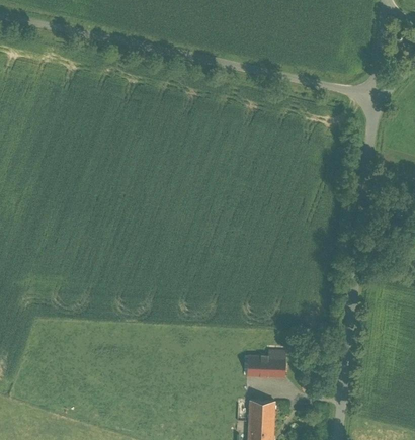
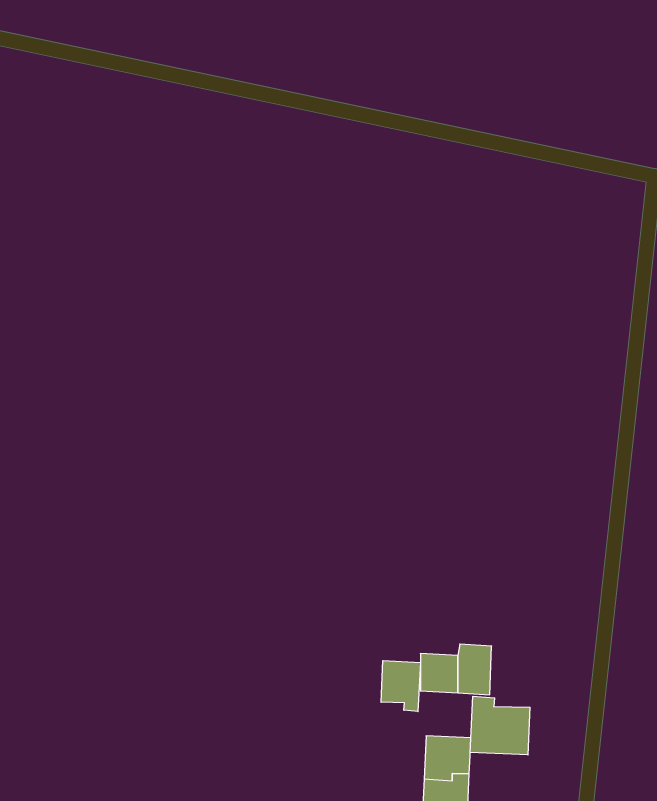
building: none -> [381,661,420,712]
building: none -> [470,696,530,755]

